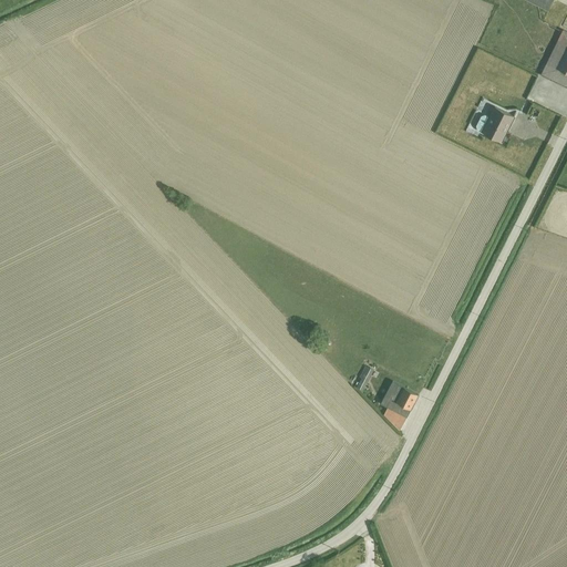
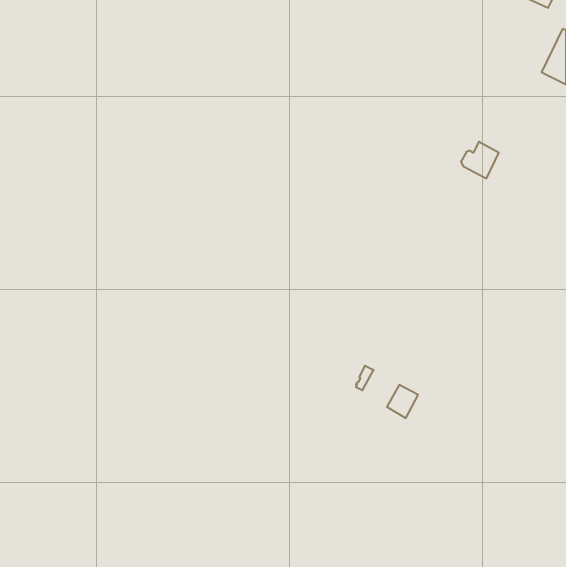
building: [474,104,512,141] -> [461,142,499,178]

